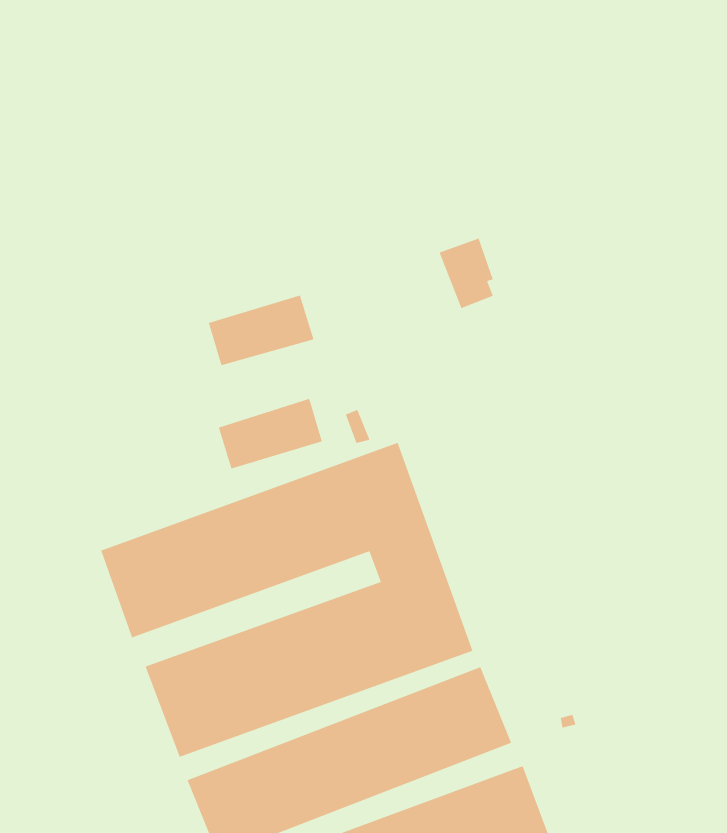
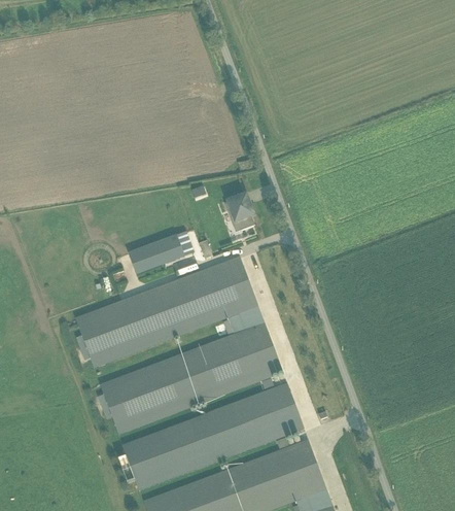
building: [439,238,494,309] -> [221,191,252,231]
building: [208,295,315,366] -> none

